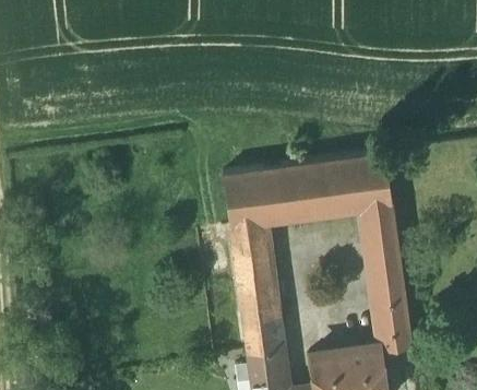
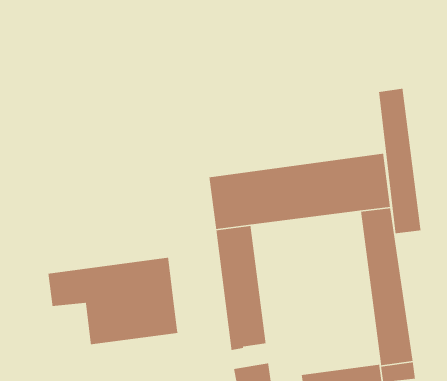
building: none -> [378,88,422,234]
building: none -> [48,257,179,345]
building: [245,332,279,355] -> none

